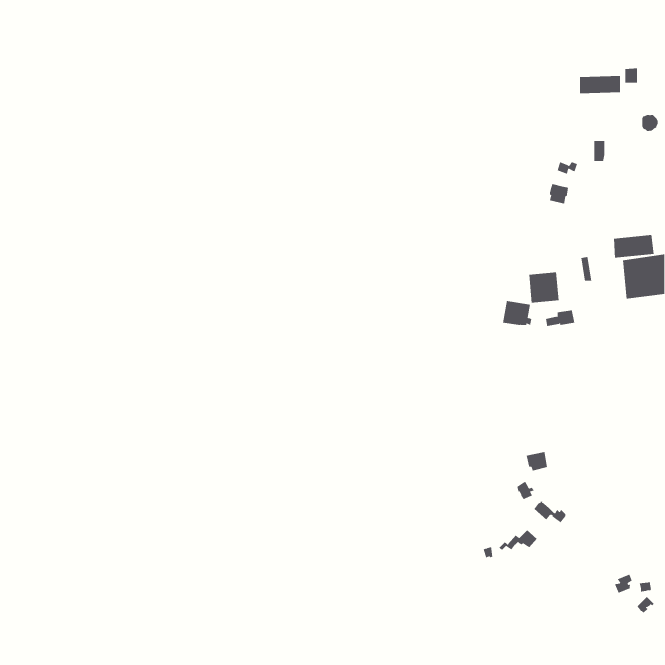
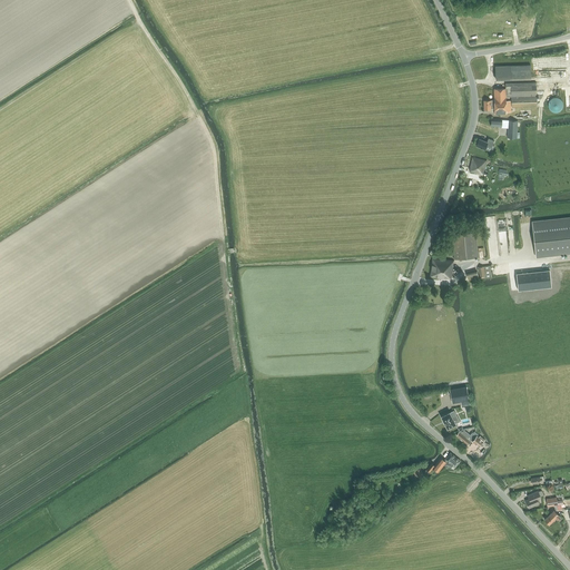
building: none -> [484,82,537,115]
building: [613,235,655,258] -> [517,269,552,289]

